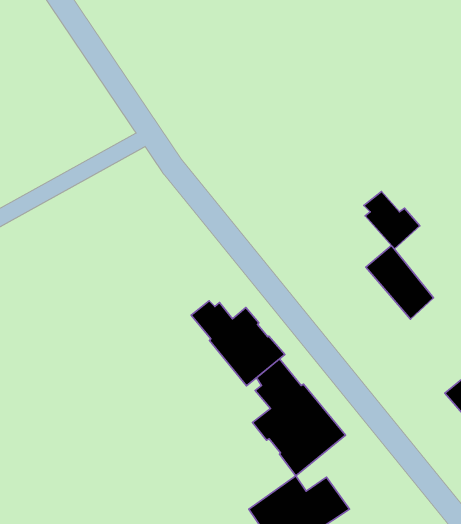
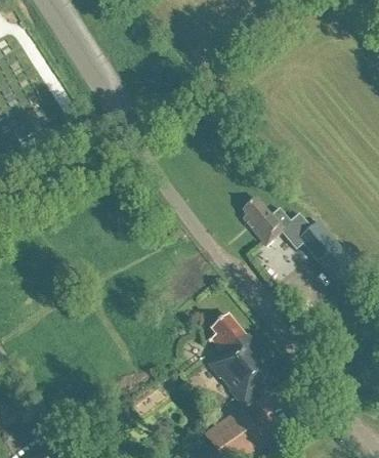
building: [364,192,420,249] -> [241,197,286,243]
building: [191,301,285,386] -> none

